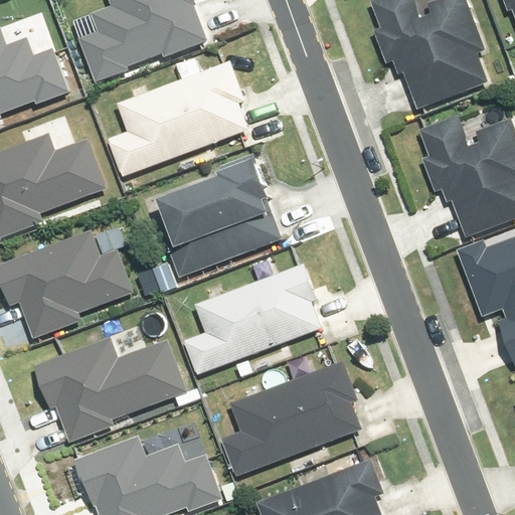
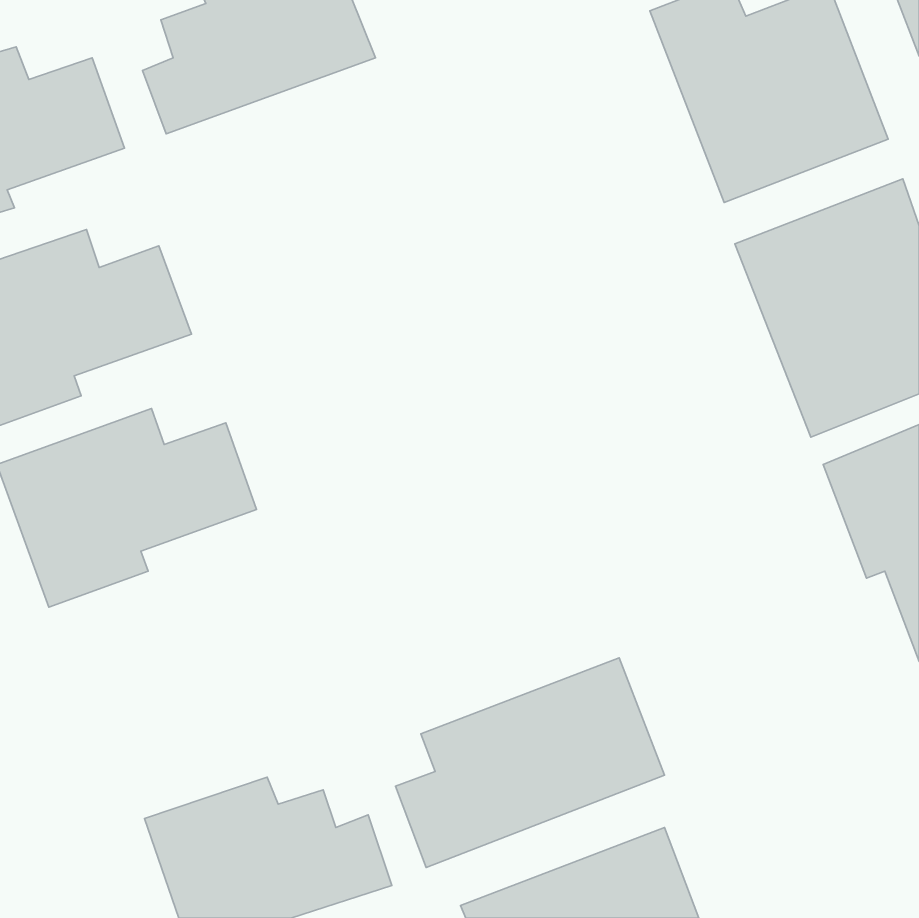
building: [109,59,274,187] -> none
building: [139,156,290,288] -> none
building: [180,264,326,378] -> none
building: [37,335,182,446] -> none

